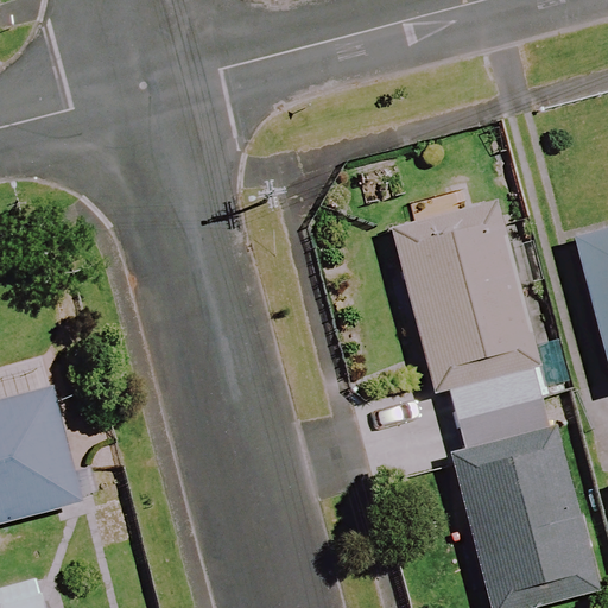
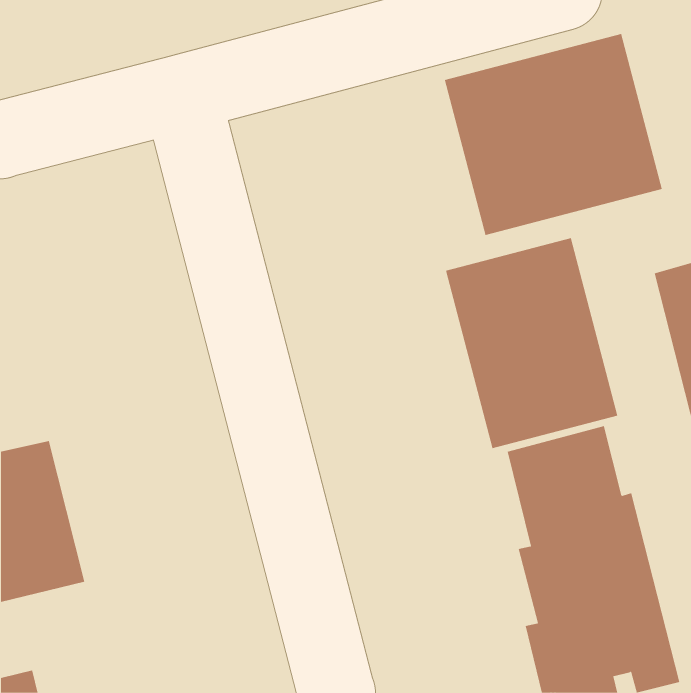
building: none -> [444,33,662,236]

